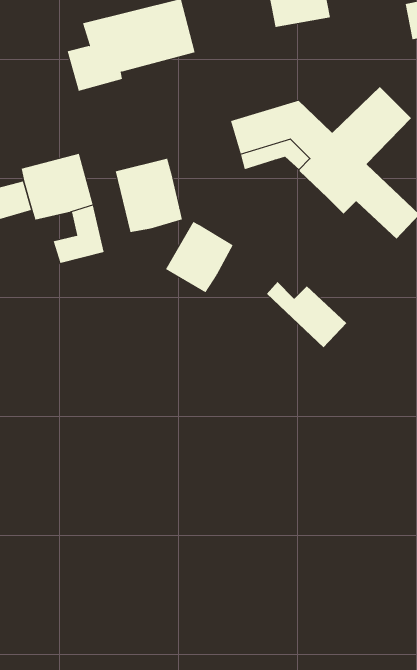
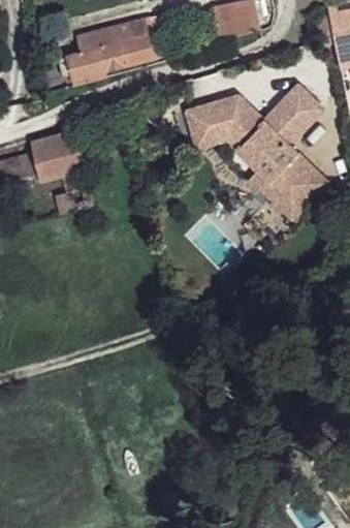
building: [115,158,182,233] -> none
building: [165,221,233,293] -> none
building: [266,281,347,348] -> [249,165,309,215]

